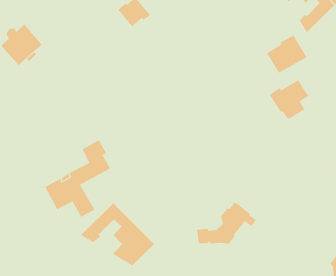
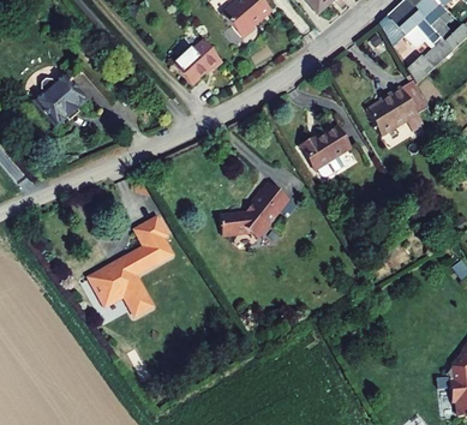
building: [269,79,309,119] -> [300,126,351,175]
building: [80,202,155,266] -> none
building: [196,203,257,244] -> [220,181,295,233]

